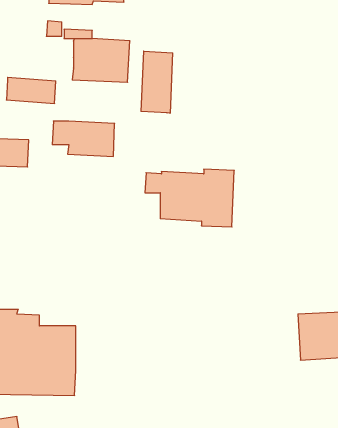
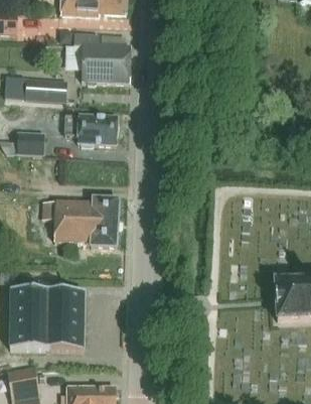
building: [141,51,173,113] -> none
building: [145,169,234,227] -> [41,198,118,248]

